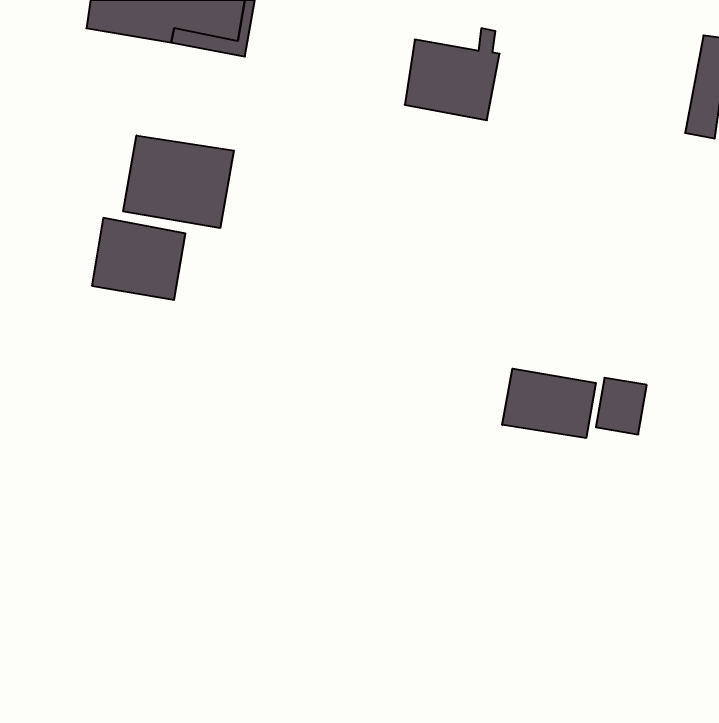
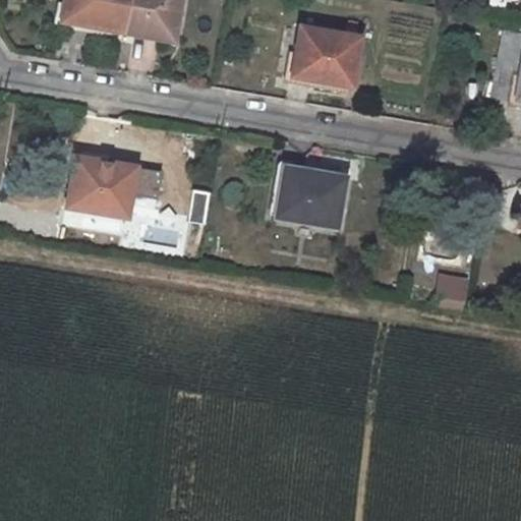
building: [123,135,234,228] -> none
building: none -> [278,168,346,226]
building: [502,369,596,438] -> none

